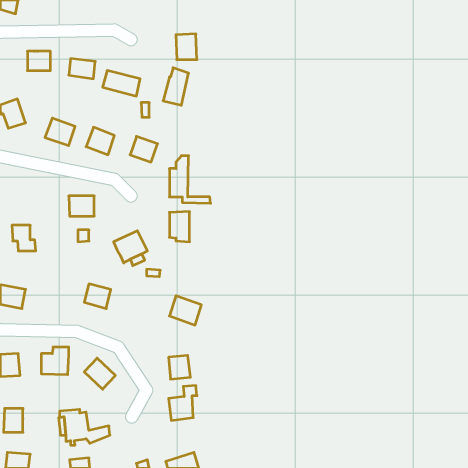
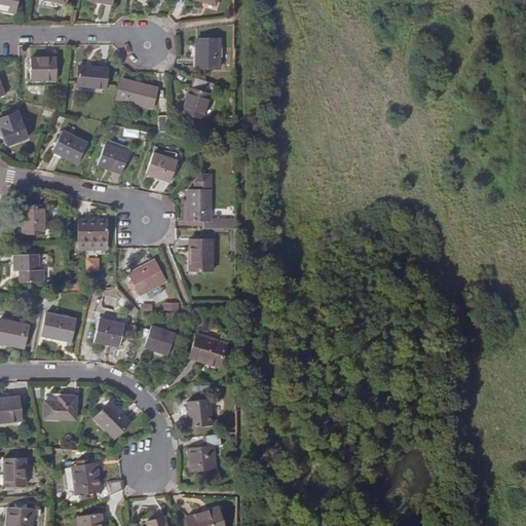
building: none -> [23,206,44,232]
building: none -> [41,307,77,339]
building: none -> [141,323,175,353]

